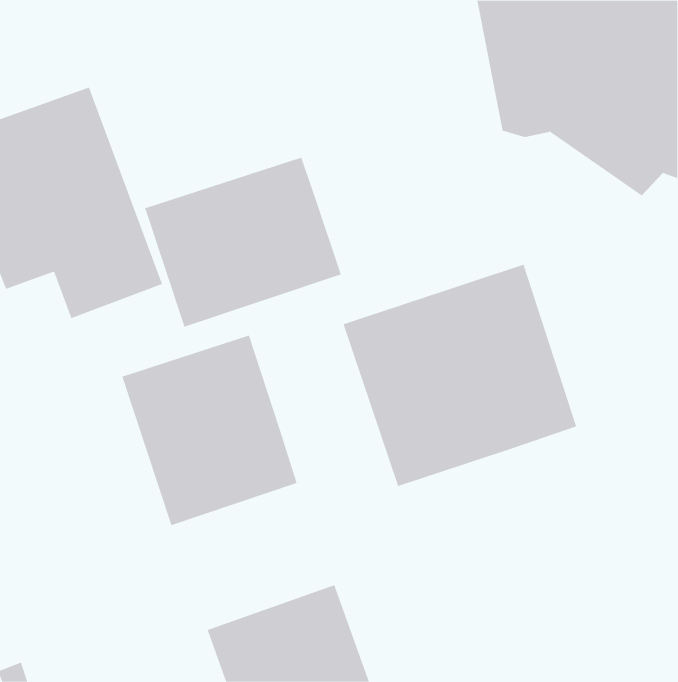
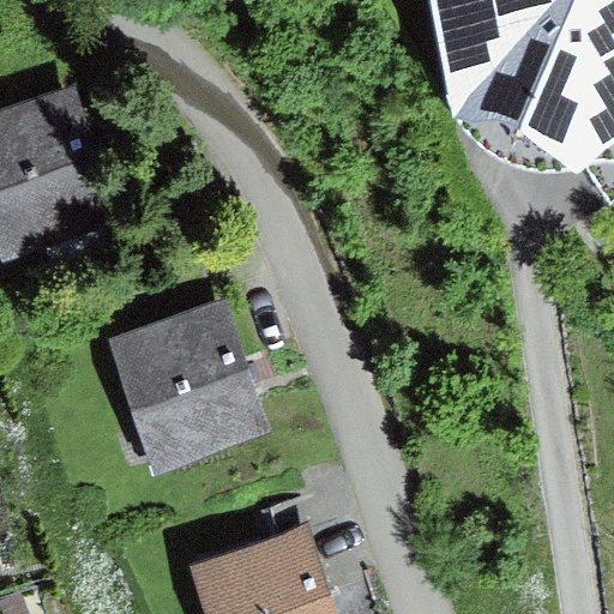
building: [145,157,341,328] -> none
building: [343,264,577,487] -> none

